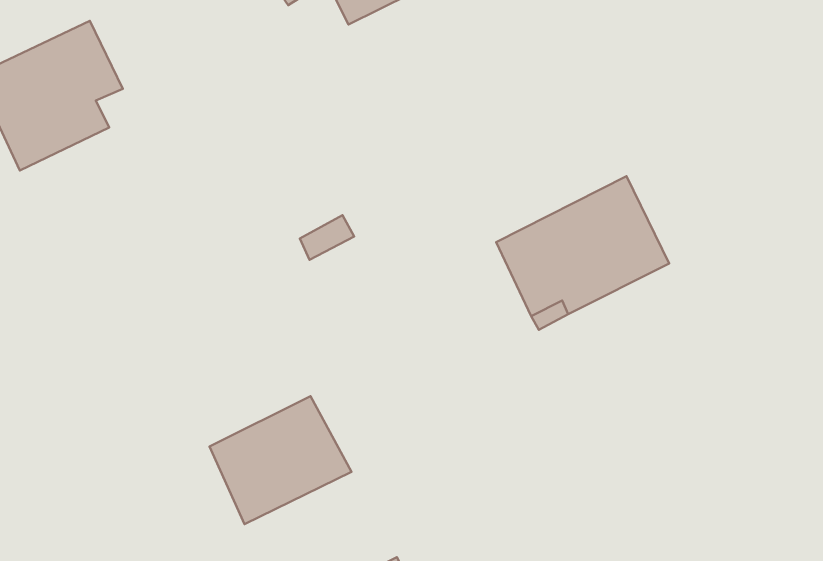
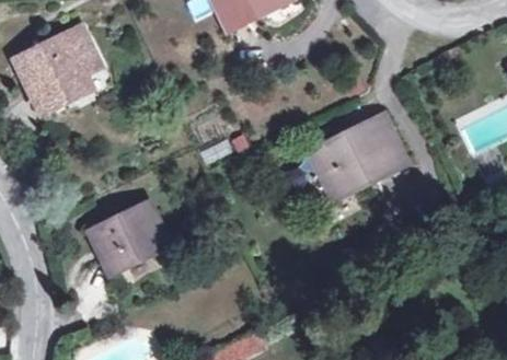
building: [210,396,351,524] -> [90,202,170,275]

